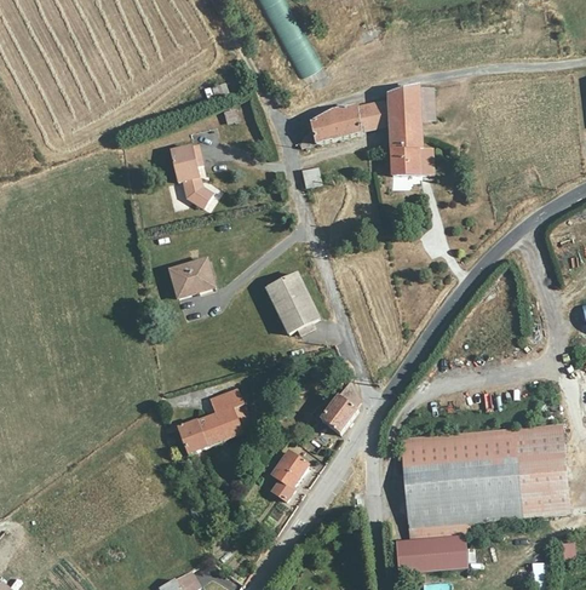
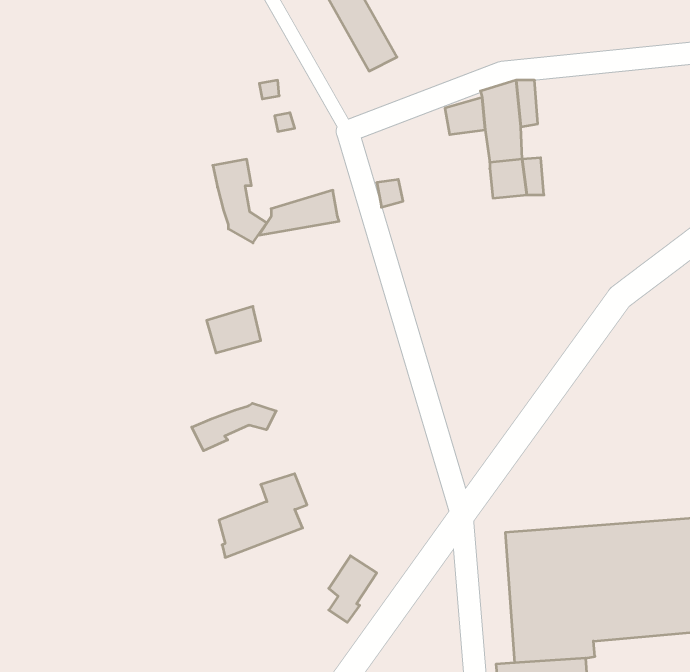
building: [298,104,361,139] -> [259,190,339,235]
building: [268,276,318,336] -> none
building: none -> [192,403,276,451]
building: [314,384,351,435] -> none

